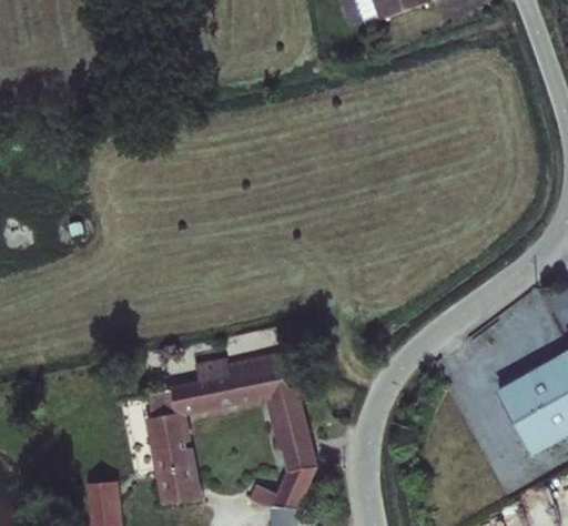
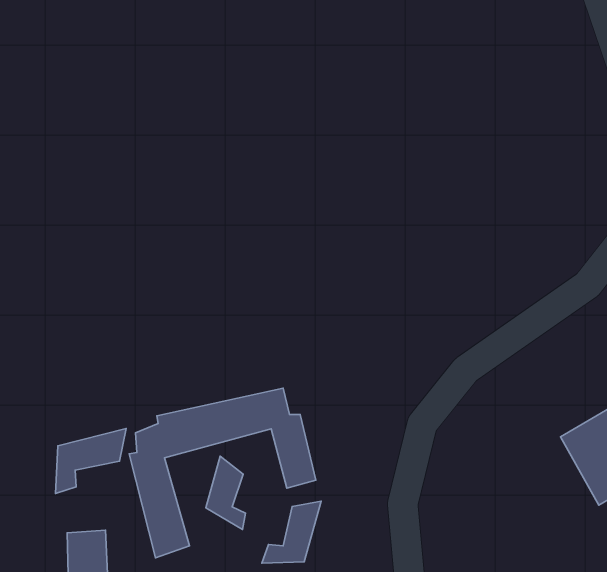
building: none -> [55,429,126,493]
building: none -> [206,456,246,529]

